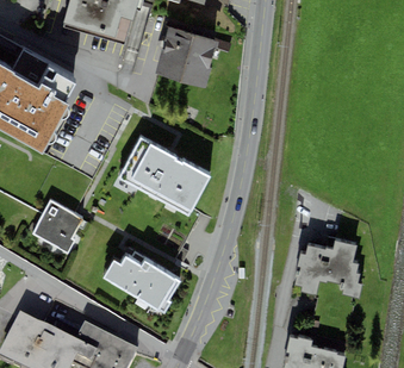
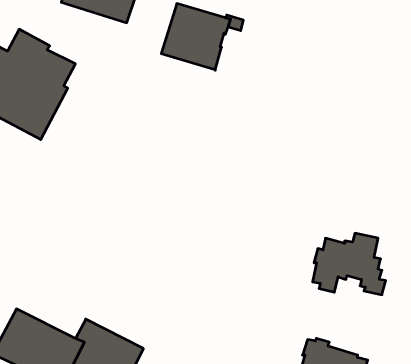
building: [119,137,210,216] -> none
building: [32,199,83,252] -> none
building: [104,256,179,313] -> none

